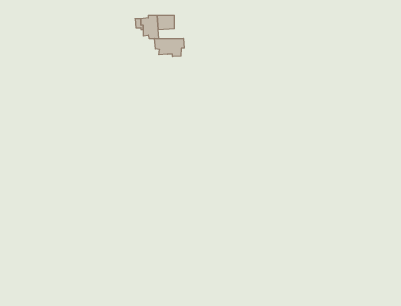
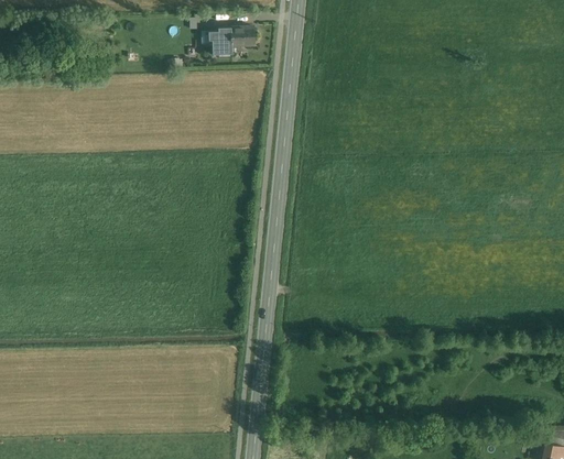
building: [154,38,184,57] -> none

